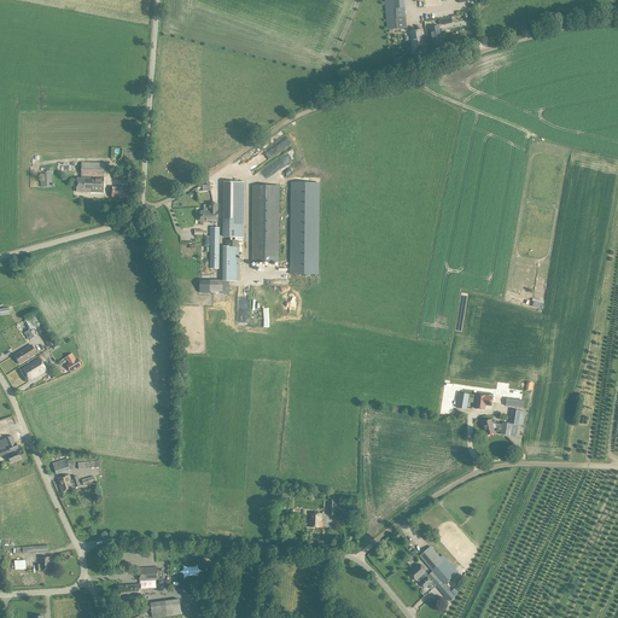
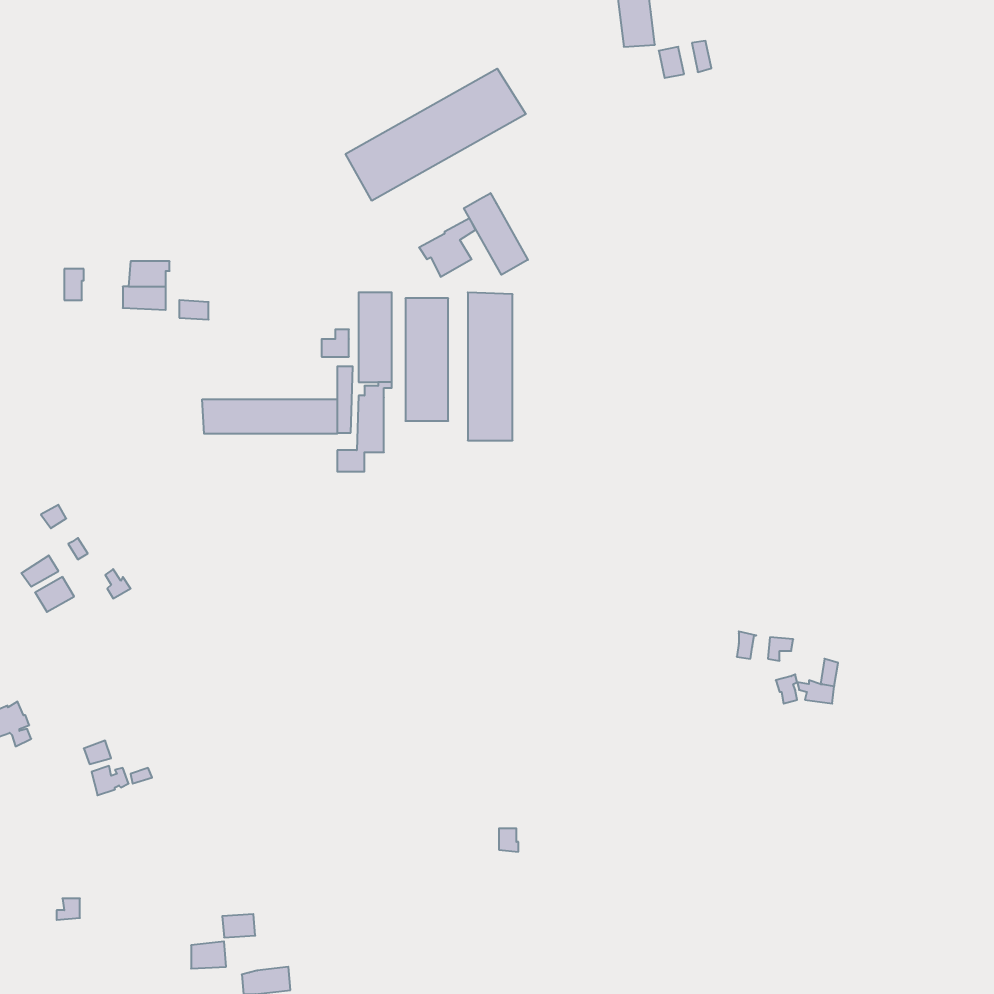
building: none -> [346,69,526,201]
building: none -> [464,193,528,275]
building: none -> [202,399,337,434]
building: [407,546,454,601] -> none

